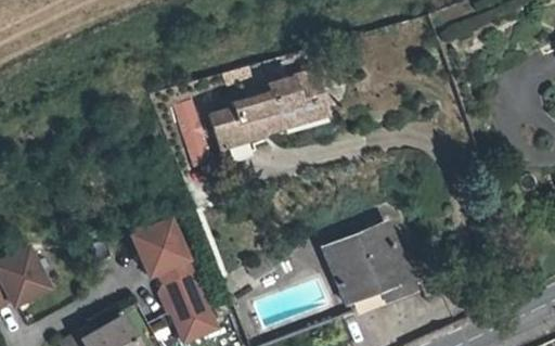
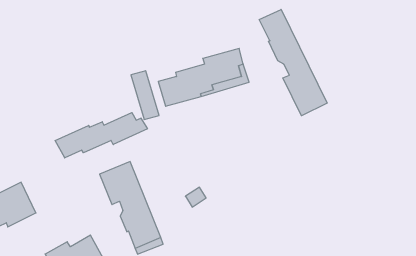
building: none -> [259,9,327,116]
building: none -> [55,113,147,158]
building: [325,225,411,311] -> none

